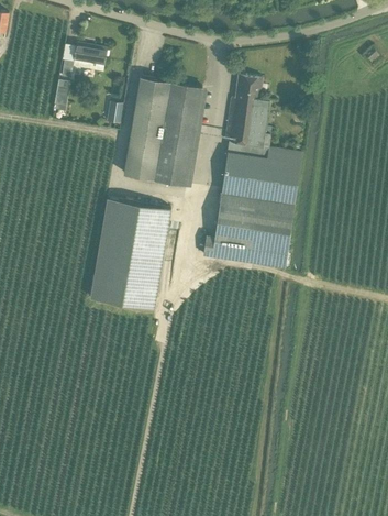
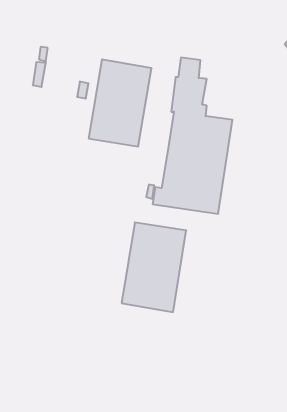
building: [74,44,108,66] -> none
building: [91,199,171,310] -> [122,222,186,312]

